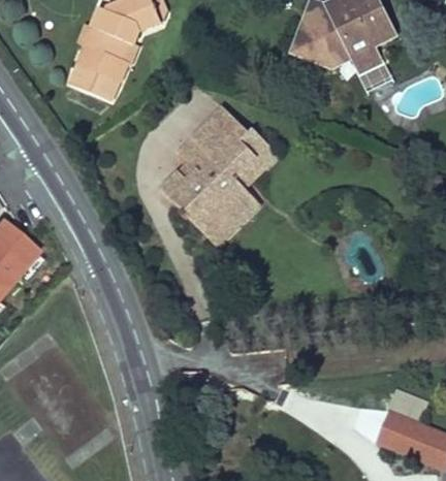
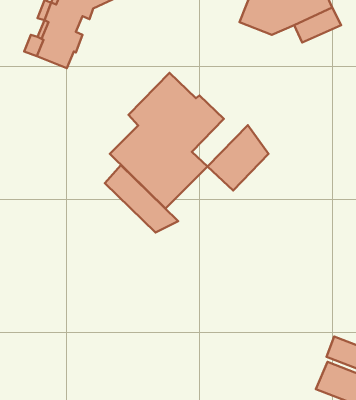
building: none -> [207,125,268,191]
building: none -> [105,165,178,232]

